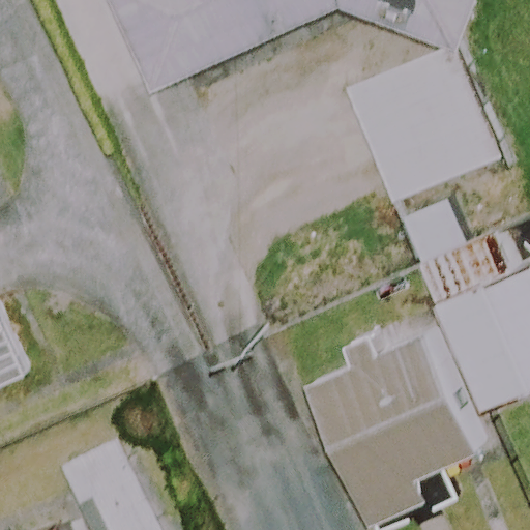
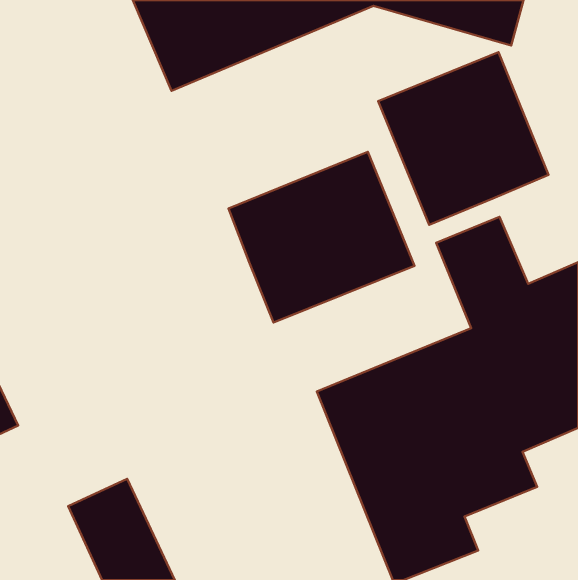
building: none -> [229,152,415,323]

